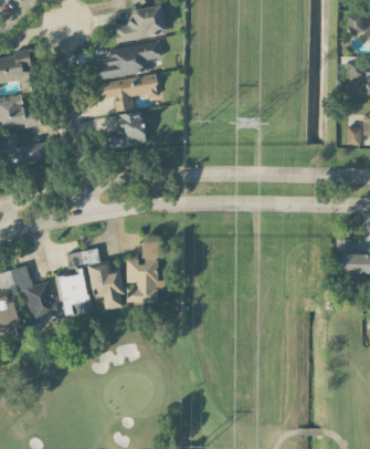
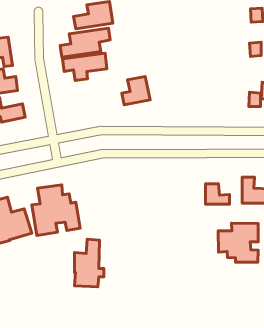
building: [110,111,148,148] -> [122,76,150,105]
building: [127,241,166,304] -> [75,239,104,287]
building: none -> [206,184,229,204]
building: none -> [218,223,258,262]

